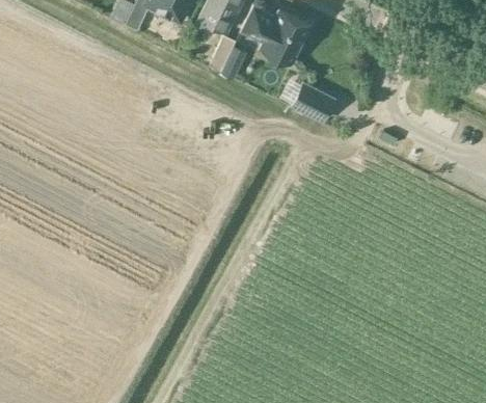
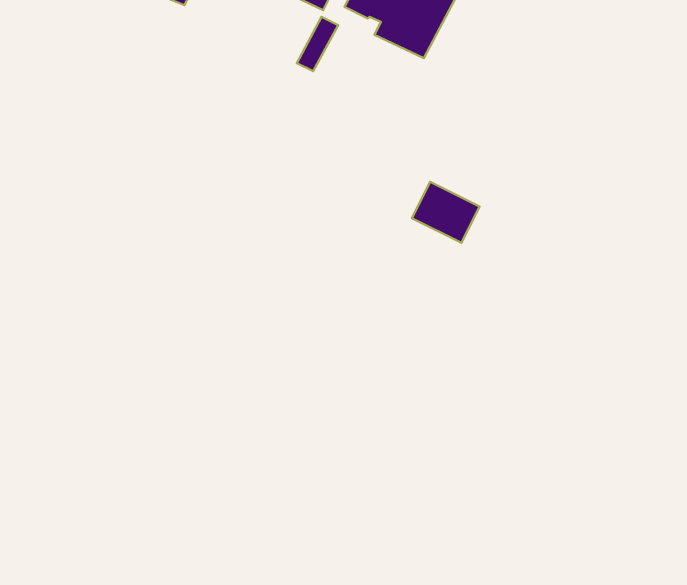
building: [289,83,331,122] -> [412,182,480,243]

